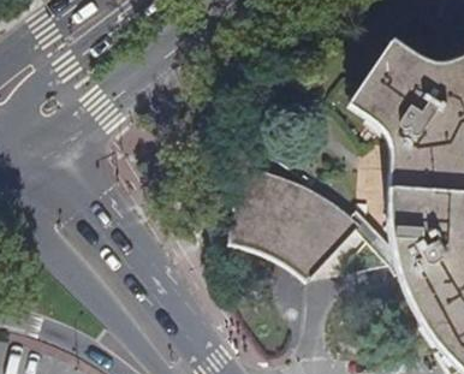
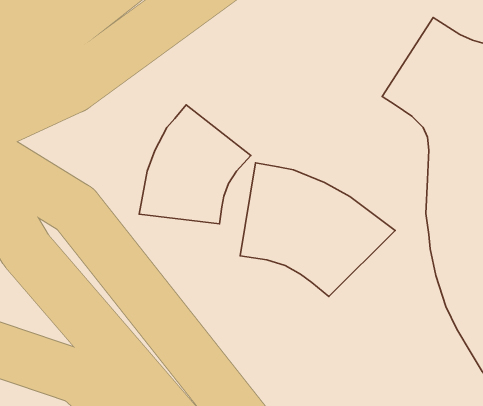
building: none -> [139,105,251,224]

